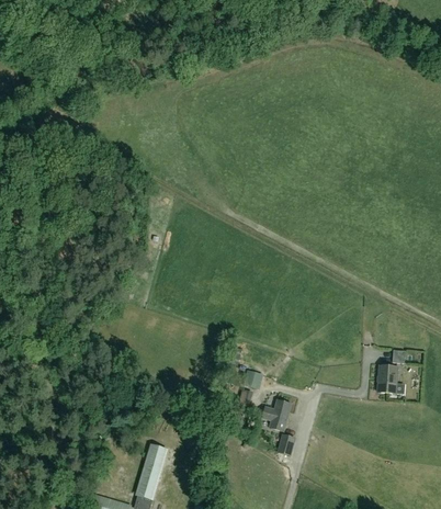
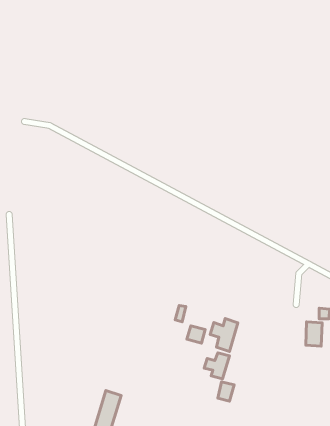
building: none -> [210,318,238,352]

